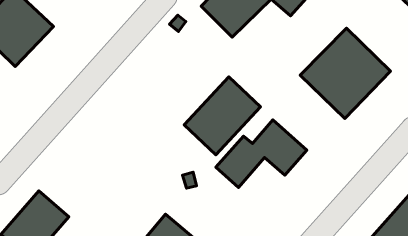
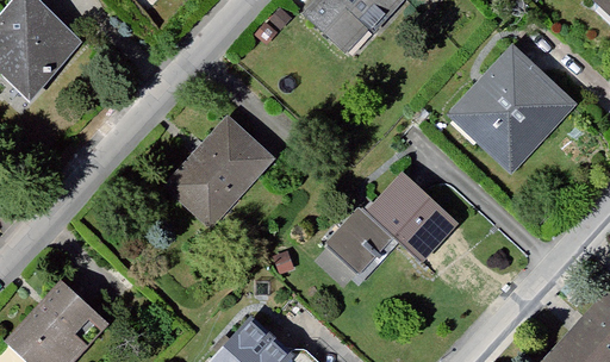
building: [184,77,260,155] -> [162,113,274,227]

